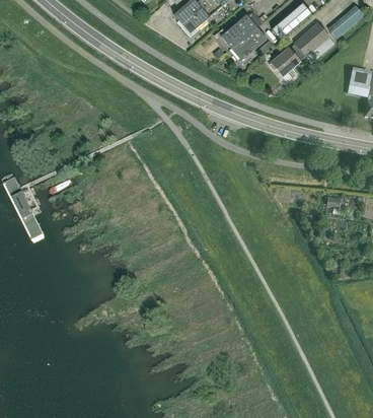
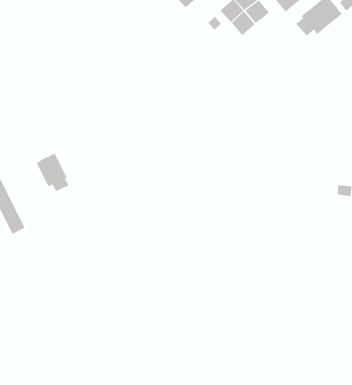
building: [268,47,299,80] -> none
building: none -> [36,153,69,192]

